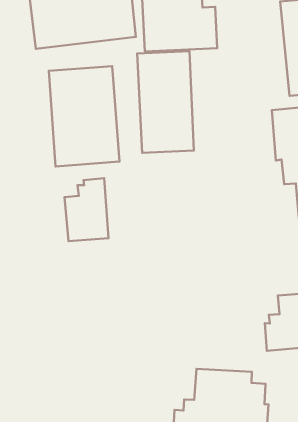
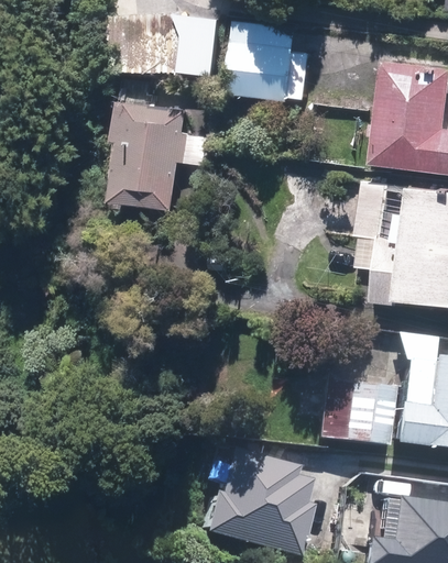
building: [137,51,194,153] -> none
building: [65,178,109,241] -> none

